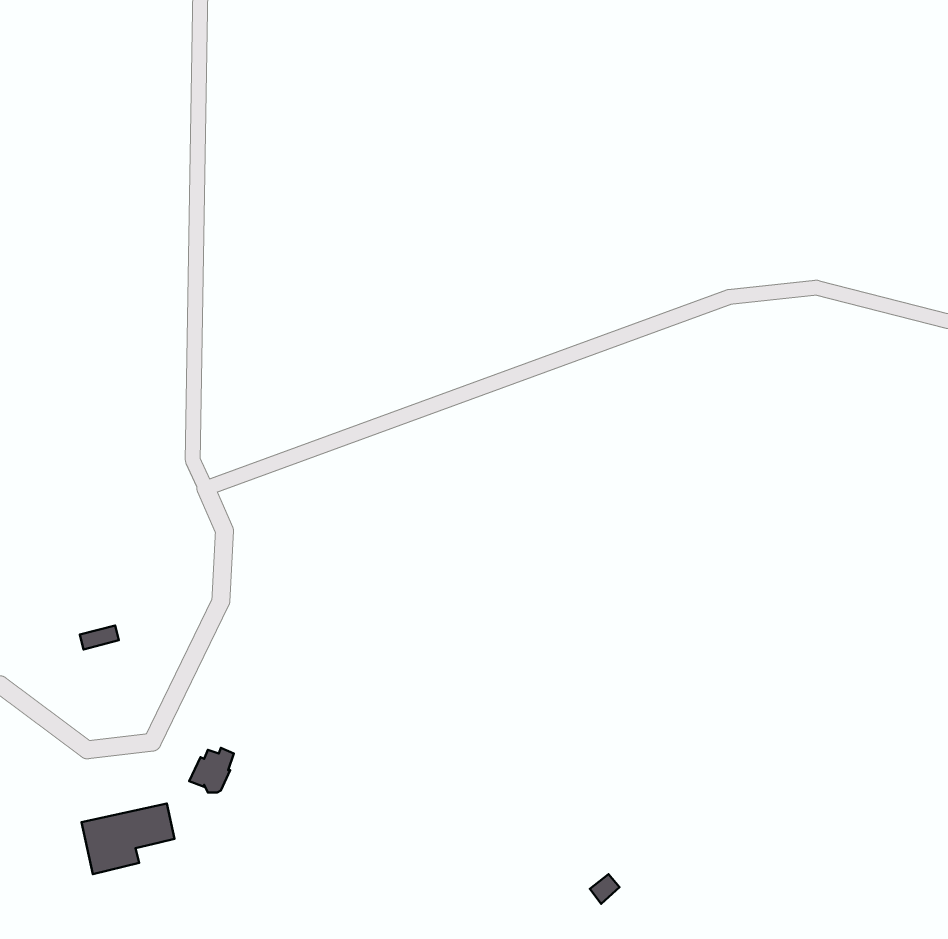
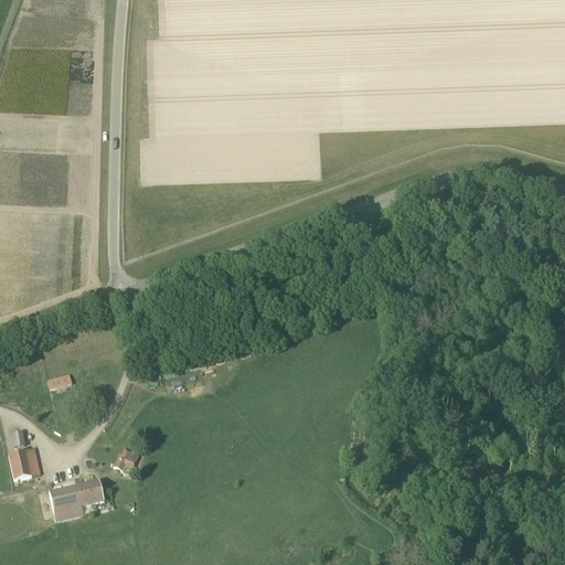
building: none -> [8,446,40,478]

